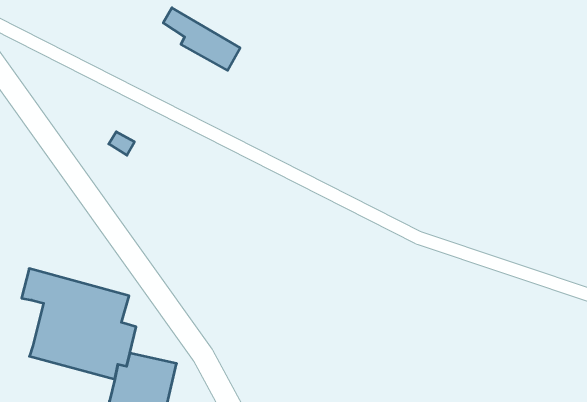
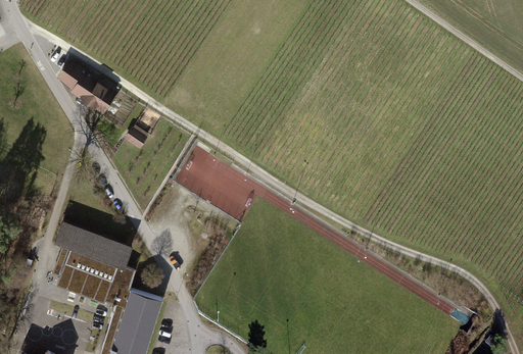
building: [163,8,240,70] -> [61,64,114,112]

